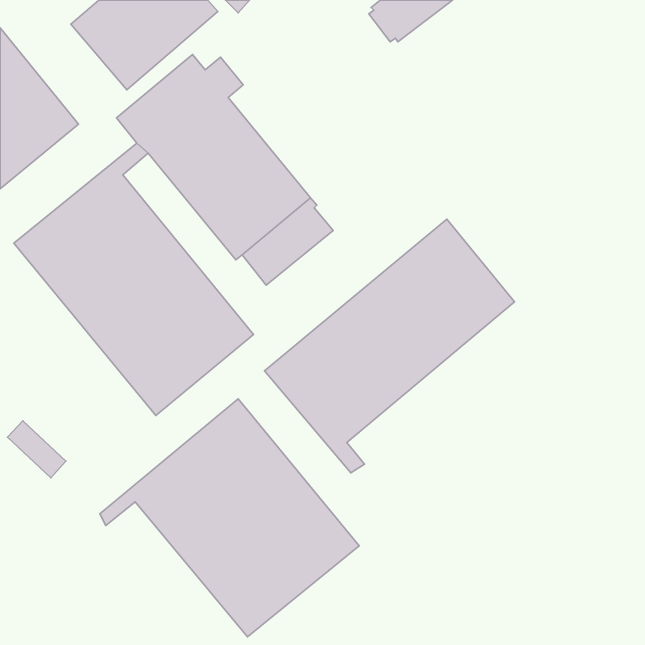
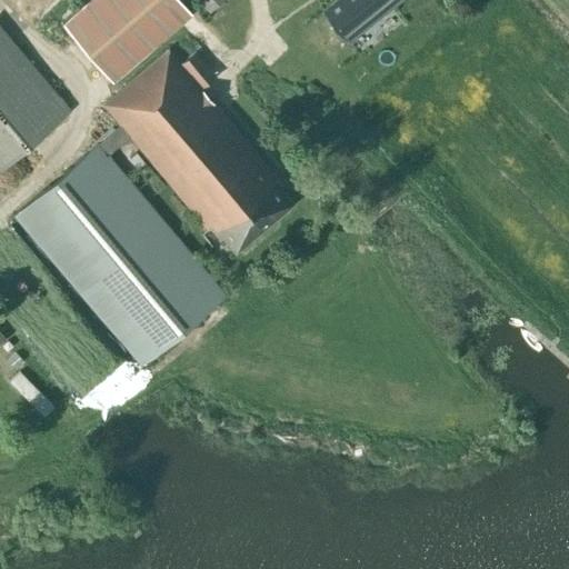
building: [265,219,515,473] -> none
building: [100,399,359,637] -> none

